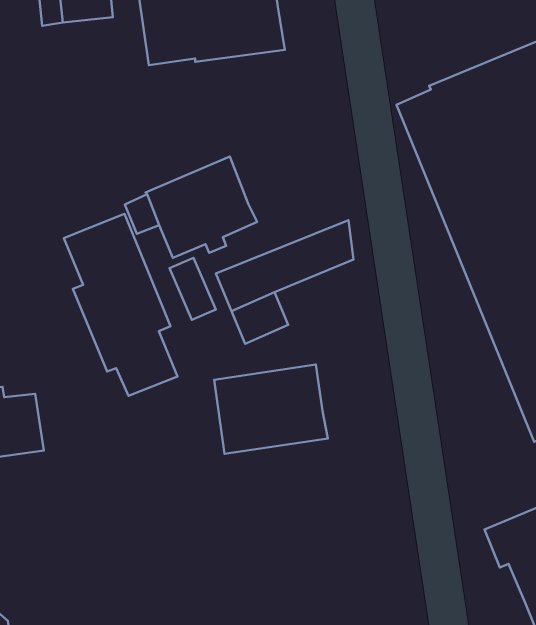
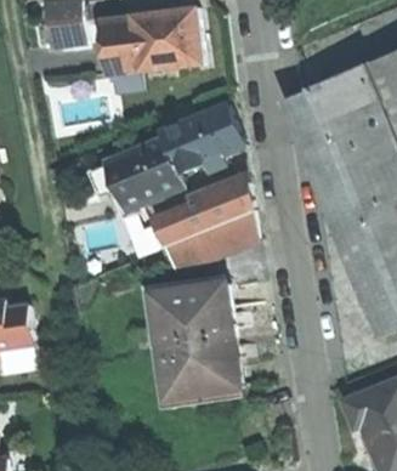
building: none -> [163,104,243,171]
building: [64,214,177,396] -> none
building: none -> [197,210,257,256]
building: none -> [161,336,242,398]

